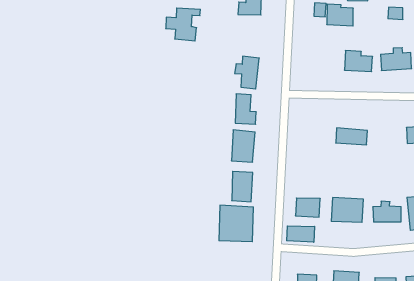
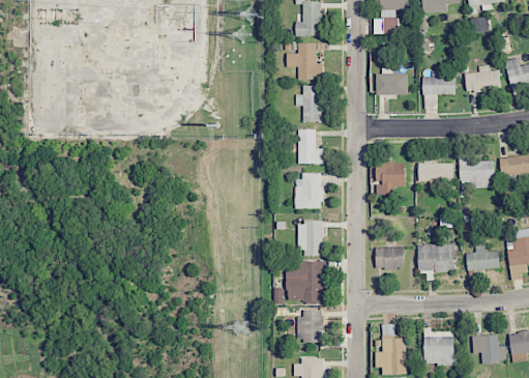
building: [327,4,353,26] -> [376,70,408,94]
building: [166,8,200,41] -> [287,42,326,80]
building: none -> [459,147,495,188]
building: none -> [376,162,406,195]
building: [287,226,315,242] -> none
building: none -> [298,310,323,341]

